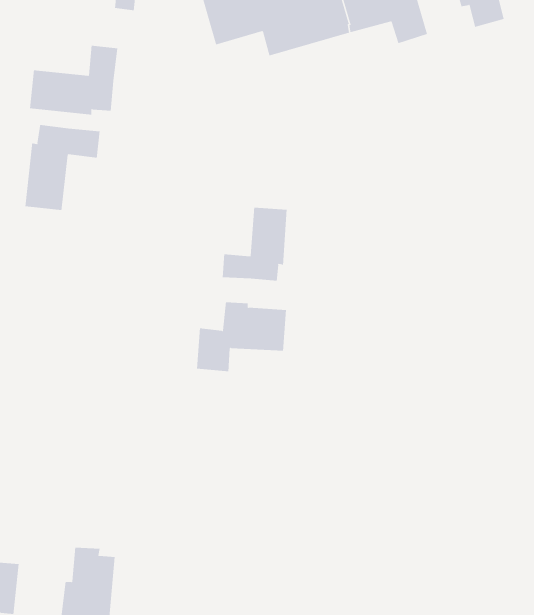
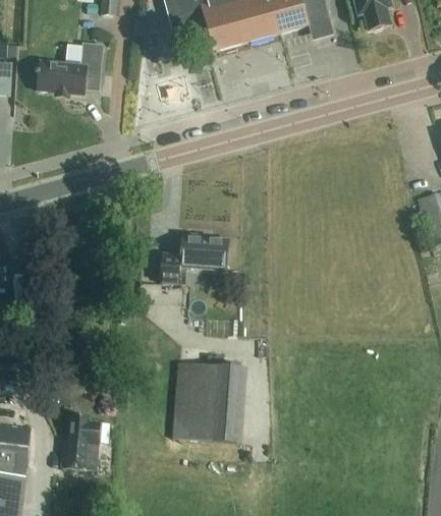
building: [25,124,100,211] -> none
building: [222,207,287,282] -> none
building: none -> [172,361,242,443]

